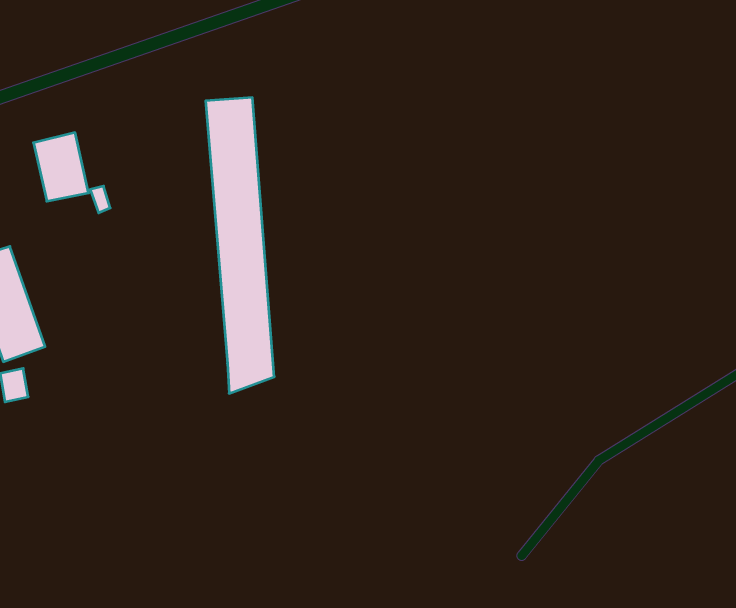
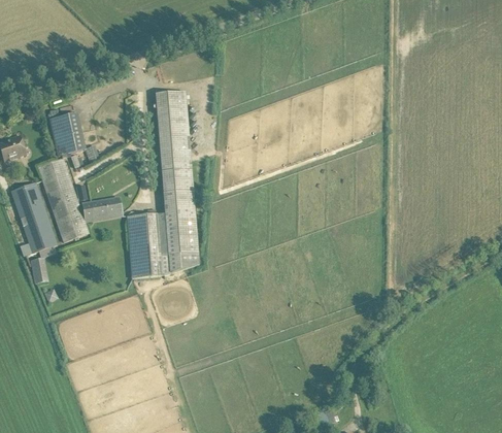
building: none -> [37,158,121,241]
building: none -> [127,213,170,278]

